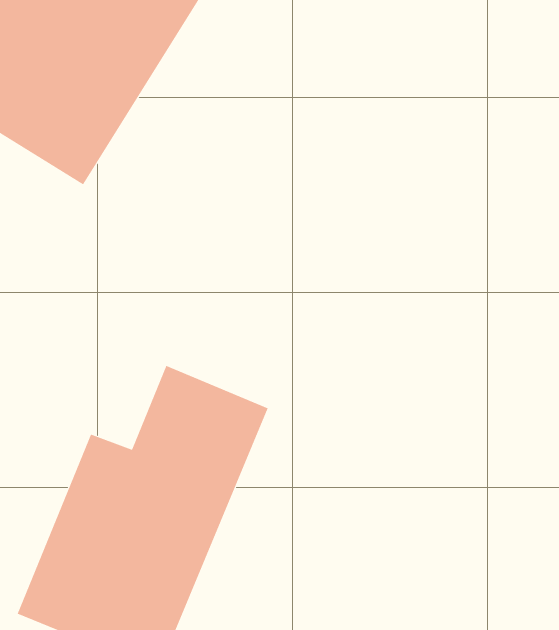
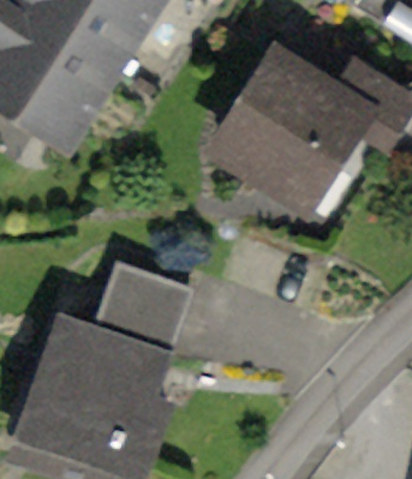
building: none -> [211,48,369,209]

